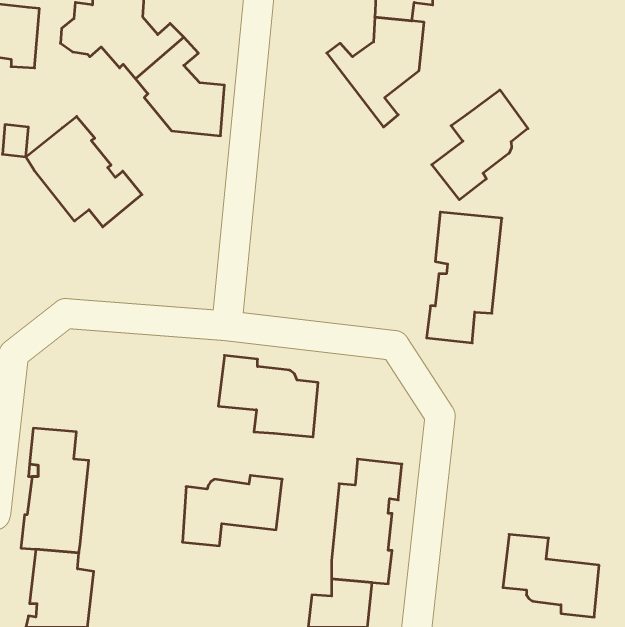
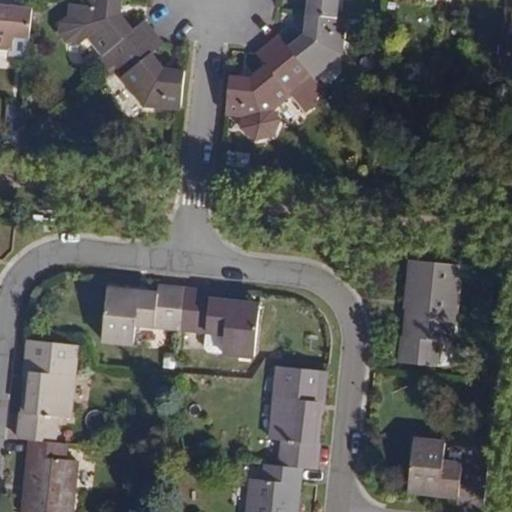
building: none -> [223,43,311,139]
building: [432,90,528,200] -> none
building: [26,116,142,227] -> none
building: [427,212,502,343] -> [400,261,461,367]
building: [182,475,282,546] -> [101,285,182,342]

